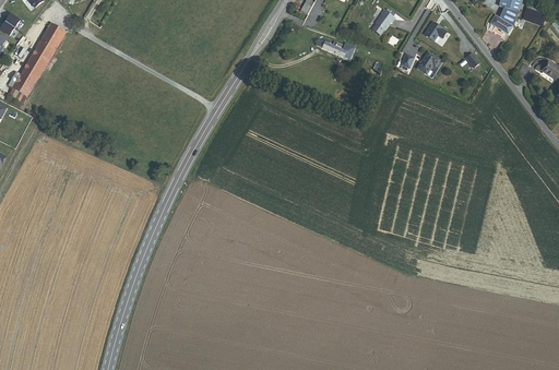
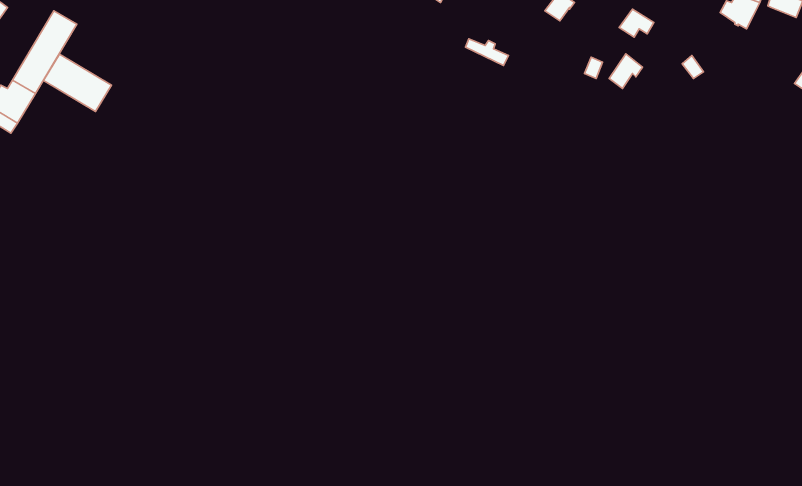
building: none -> [43,54,112,111]

